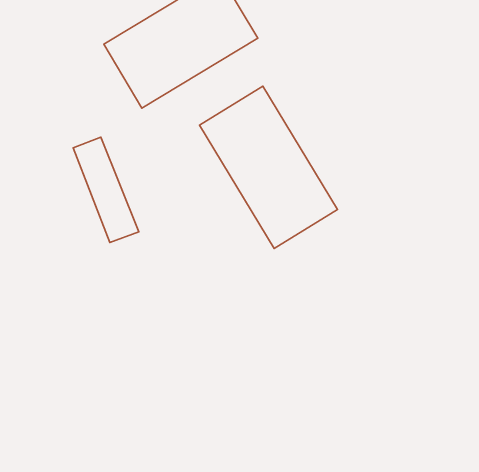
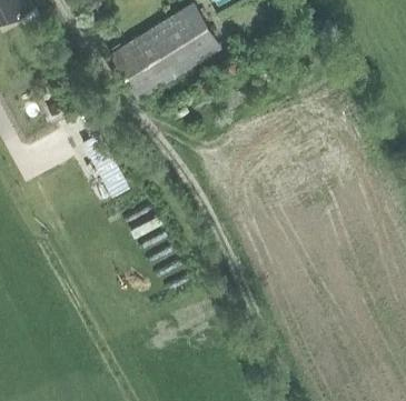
building: [200,86,338,248] -> none

